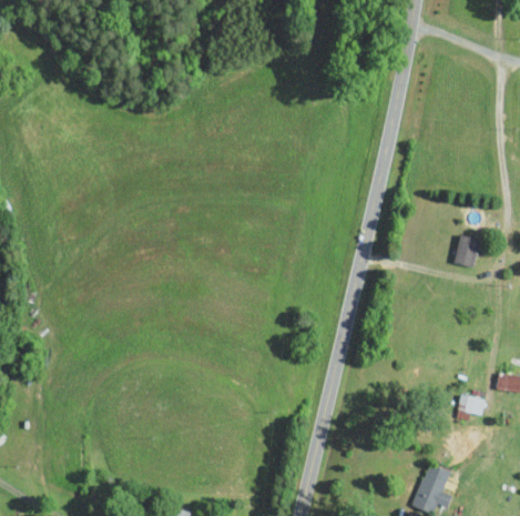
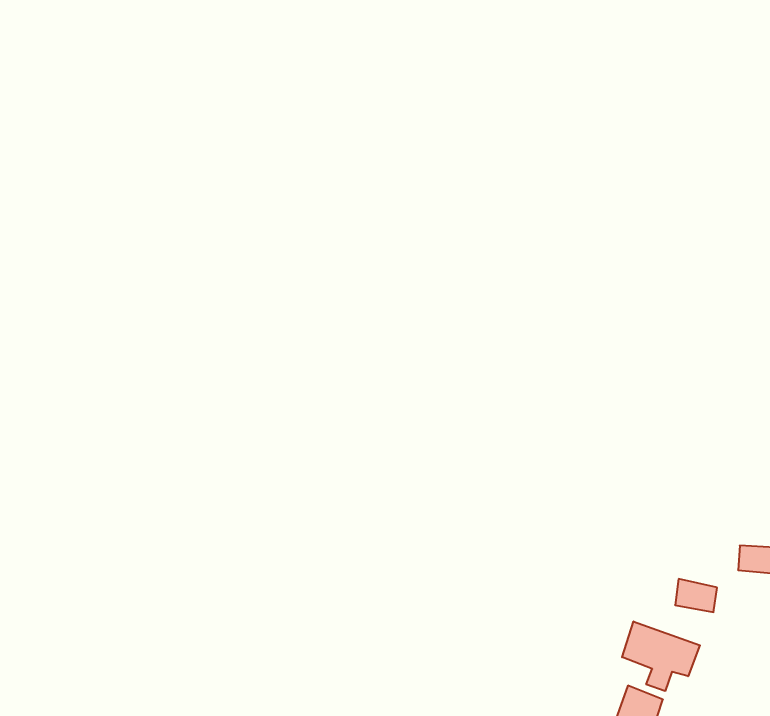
building: [453,235,481,269] -> none
building: none -> [622,621,700,691]

